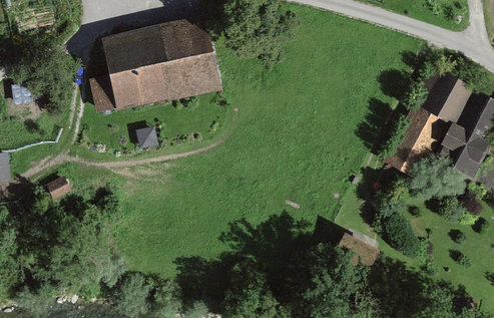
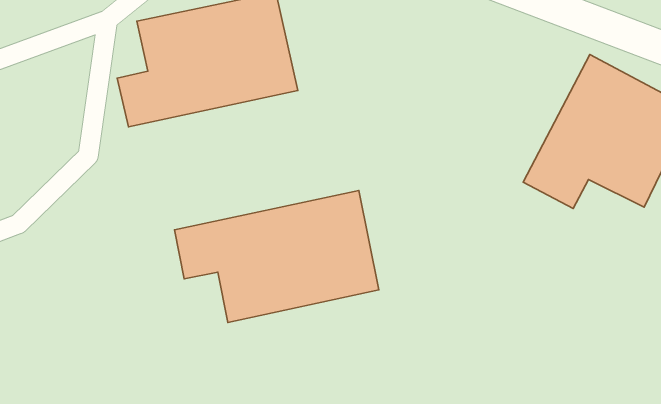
building: none -> [175,190,379,322]

